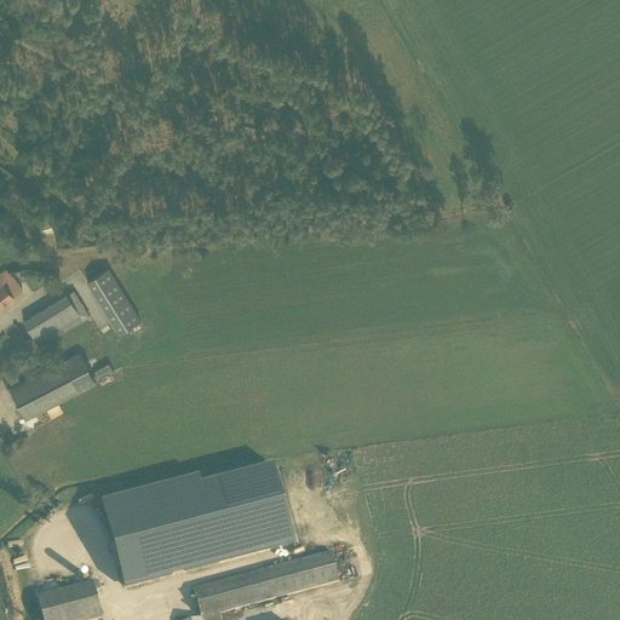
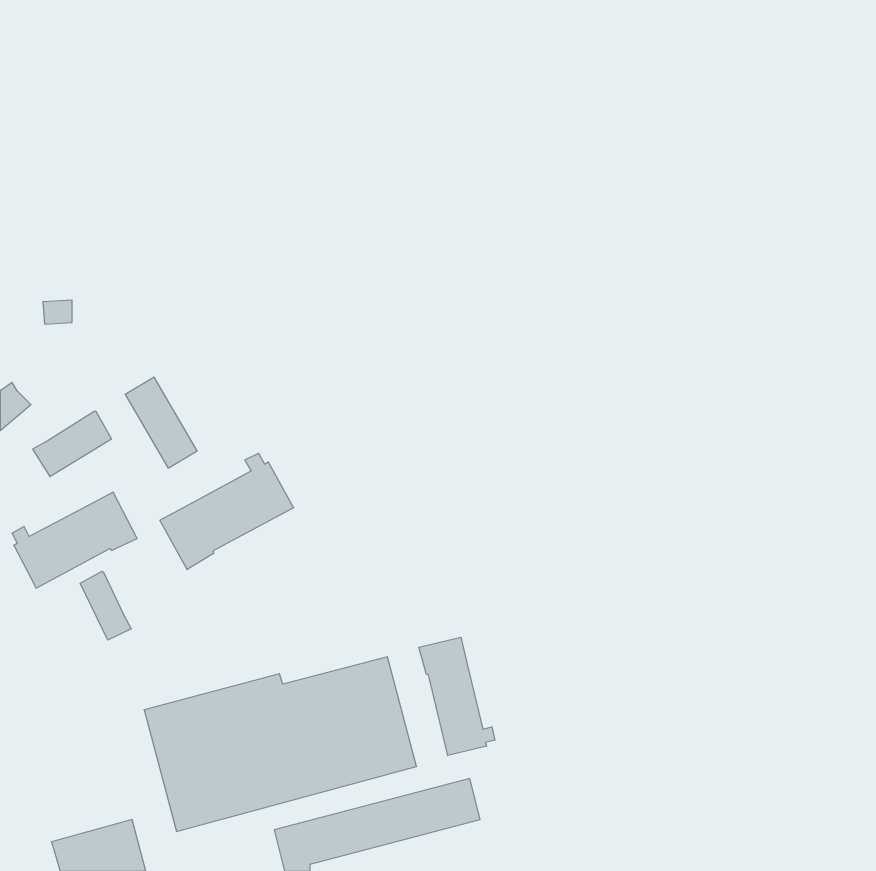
building: none -> [160,453,294,570]
building: none -> [80,571,131,640]
building: none -> [419,637,495,756]

